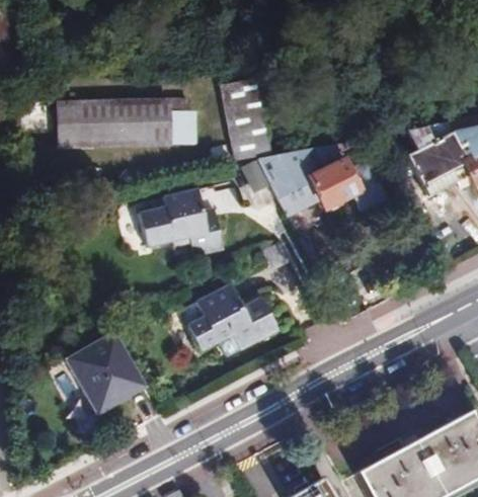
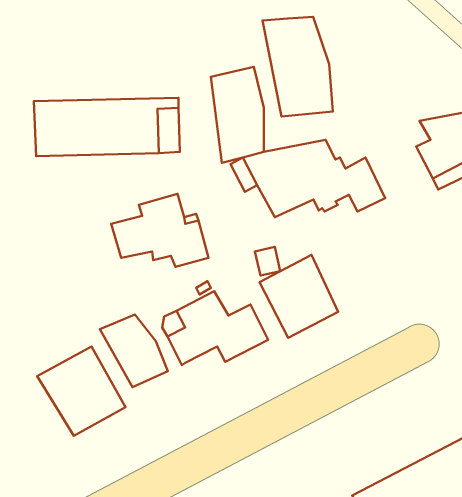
building: none -> [262,17,333,117]
building: none -> [259,255,338,338]
building: none -> [100,314,168,387]

